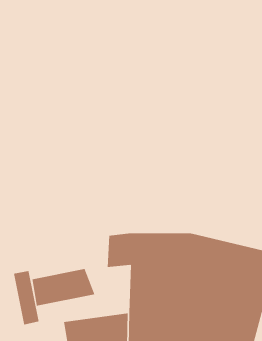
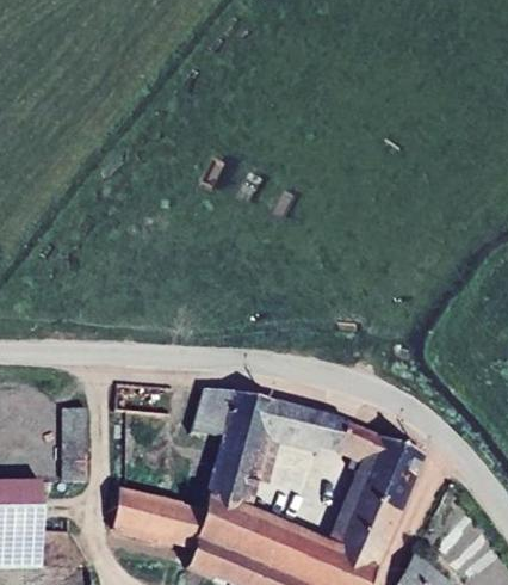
building: [32,268,95,306] -> none

